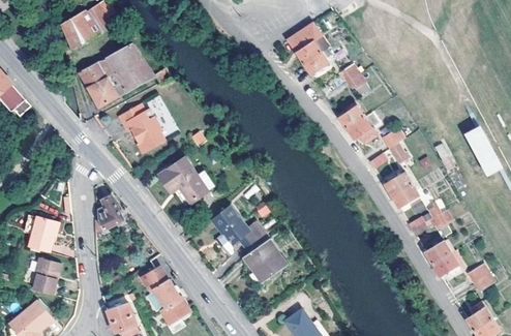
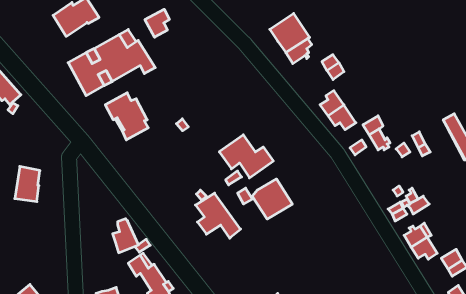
building: none -> [145,9,169,37]
building: [158,157,214,202] -> [219,135,273,178]
building: [385,171,419,206] -> none
building: [96,194,123,230] -> [113,219,139,253]
building: [26,221,52,257] -> [15,166,40,202]
building: [242,241,283,282] -> [252,179,292,219]
building: [32,264,55,299] -> none

